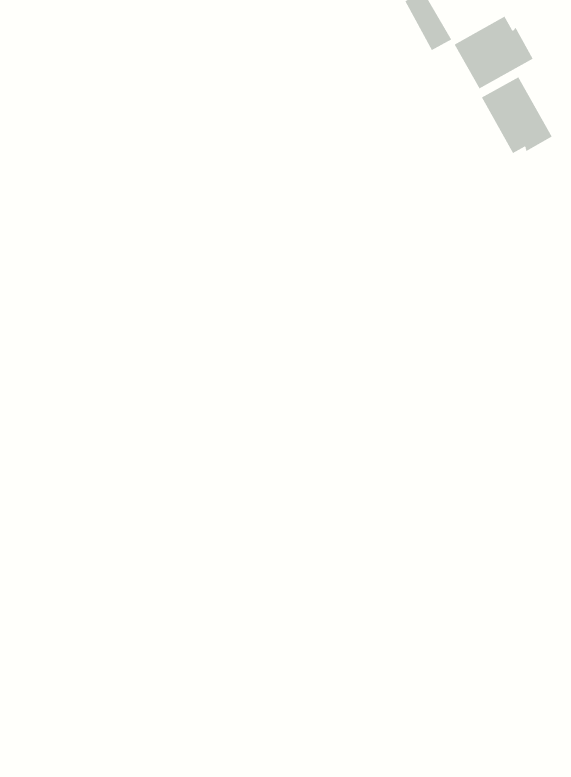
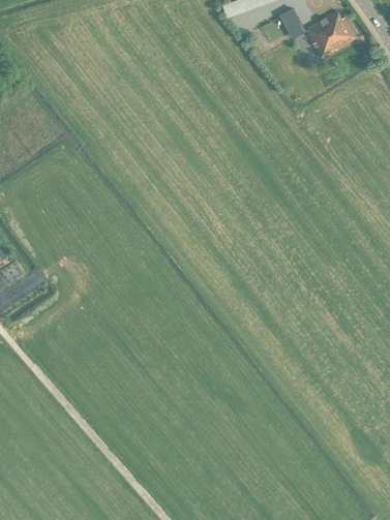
building: [481,77,553,154] -> none

